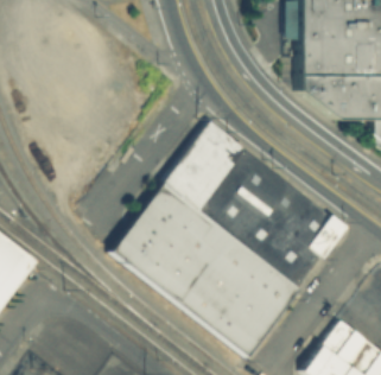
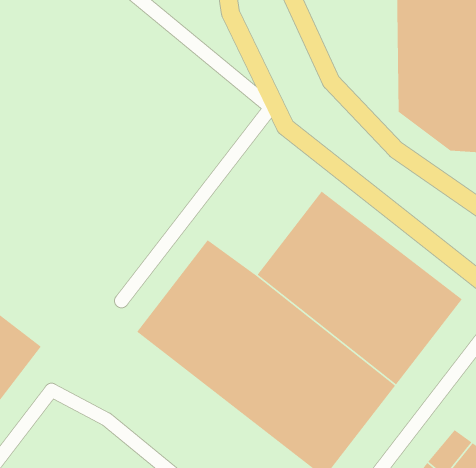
building: [159,120,242,209] -> none

